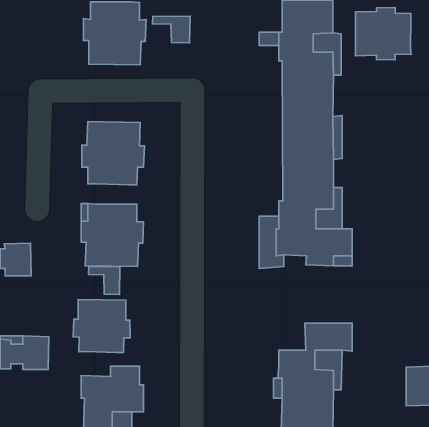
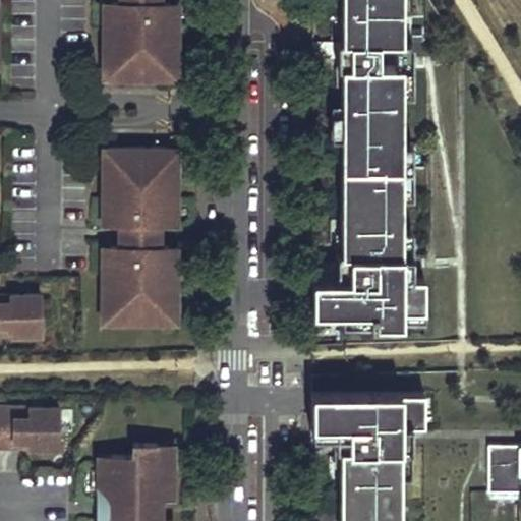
building: [355,7,411,60] -> none
building: [153,16,190,43] -> none
building: none -> [118,227,159,251]
building: [89,266,120,294] -> none
building: [73,299,130,353] -> none
building: none -> [314,395,371,447]

